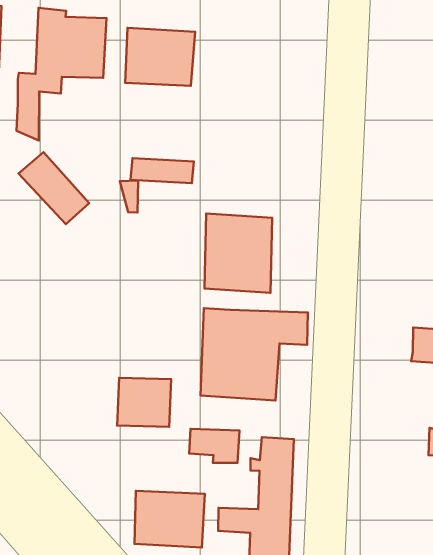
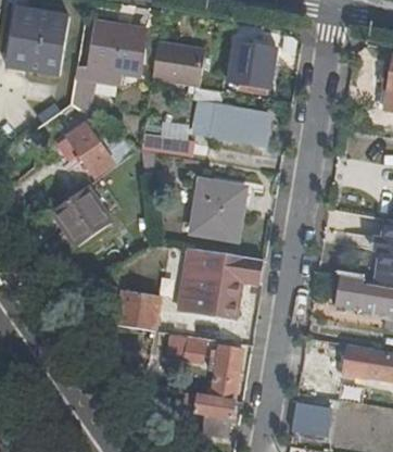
building: none -> [229,41,277,89]
building: none -> [193,88,268,145]
building: none -> [53,186,113,246]
building: [135,491,205,548] -> none
building: none -> [291,401,331,432]

